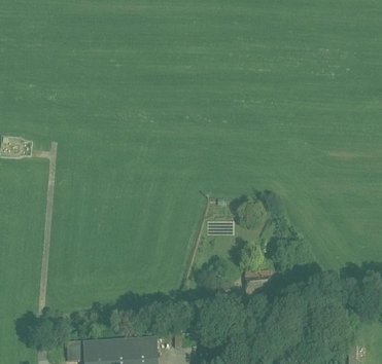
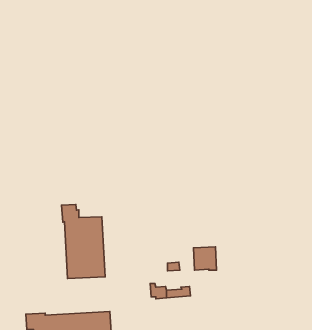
building: none -> [62,204,105,279]

